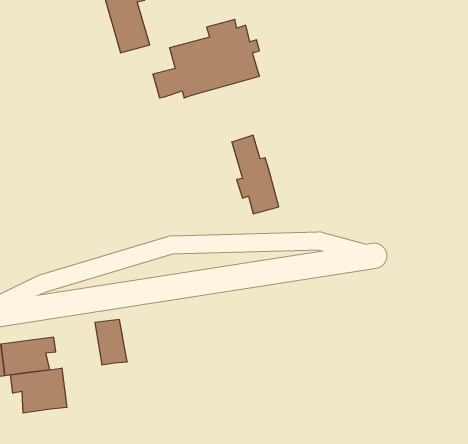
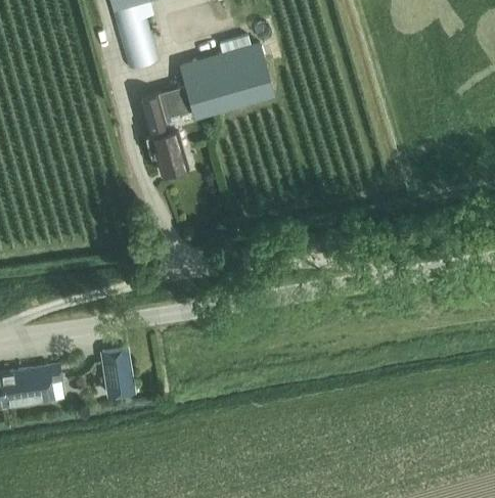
building: [232,135,279,214] -> [140,93,189,175]
building: [10,368,67,413] -> none

